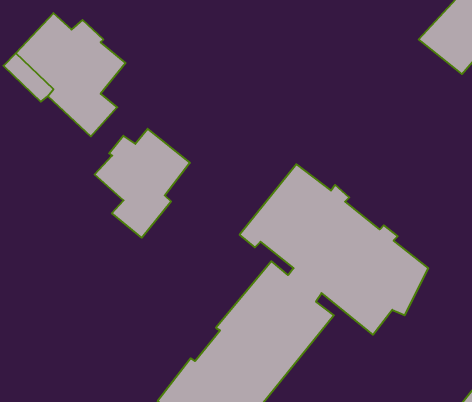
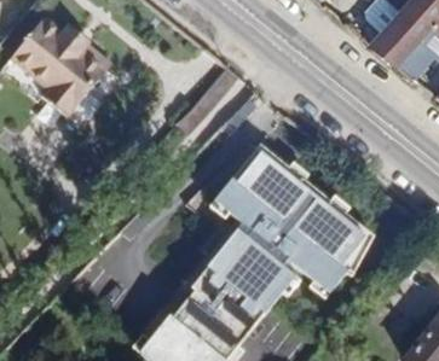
building: [95,129,190,238] -> none

